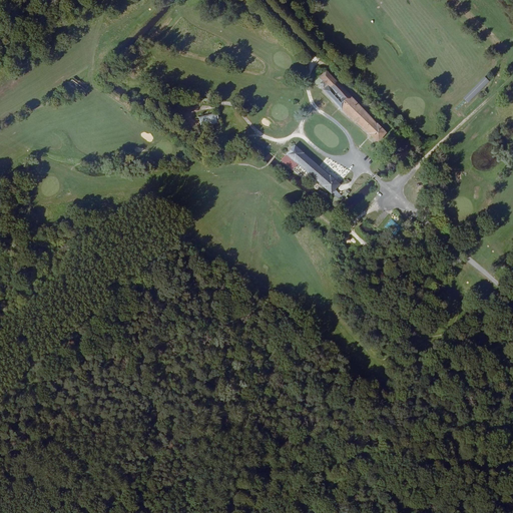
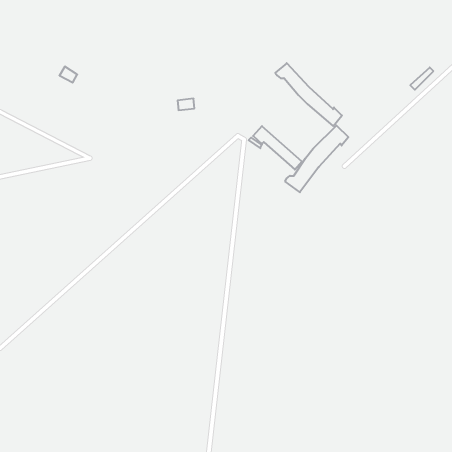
building: none -> [285,125,348,192]

